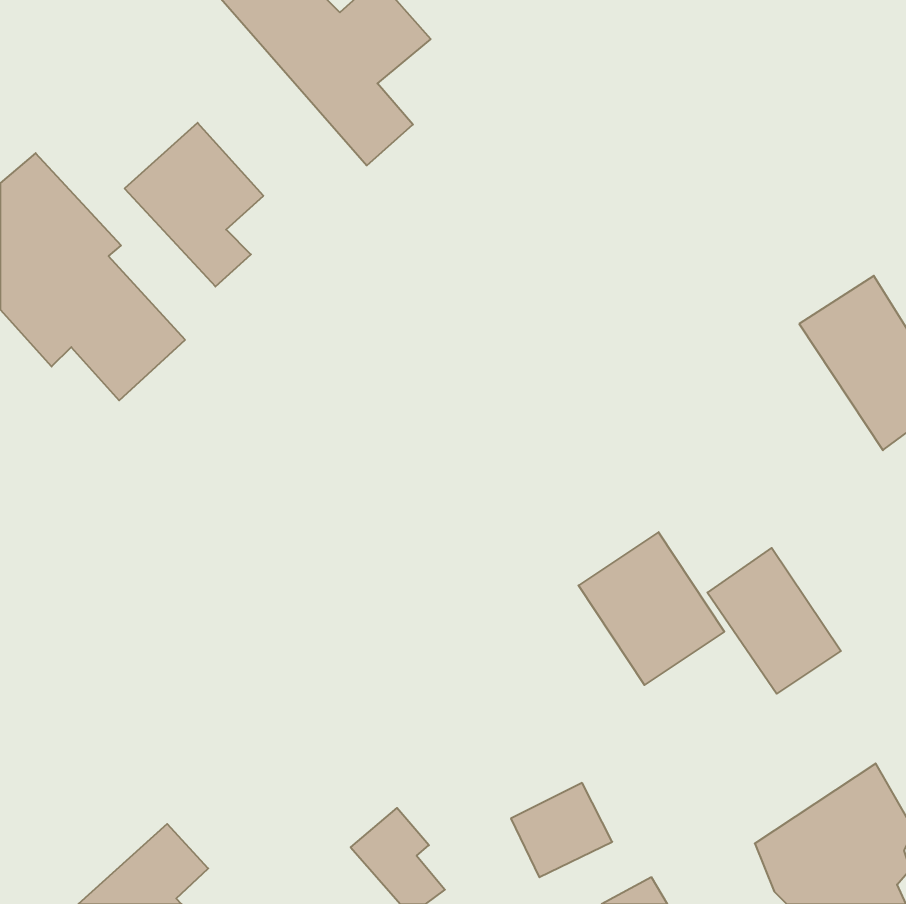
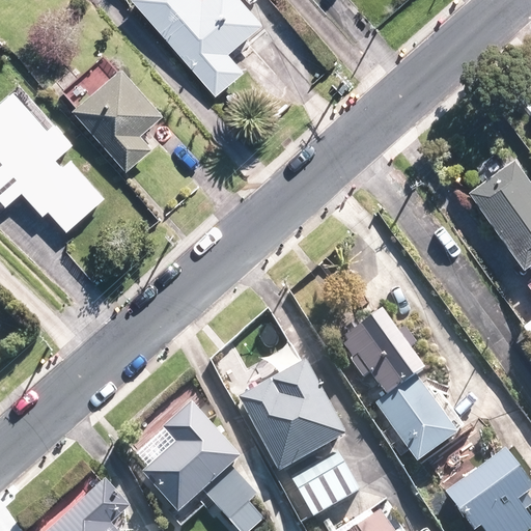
building: [707,548,841,694] -> [376,376,454,462]
building: none -> [243,362,342,466]
building: none -> [139,403,236,510]

